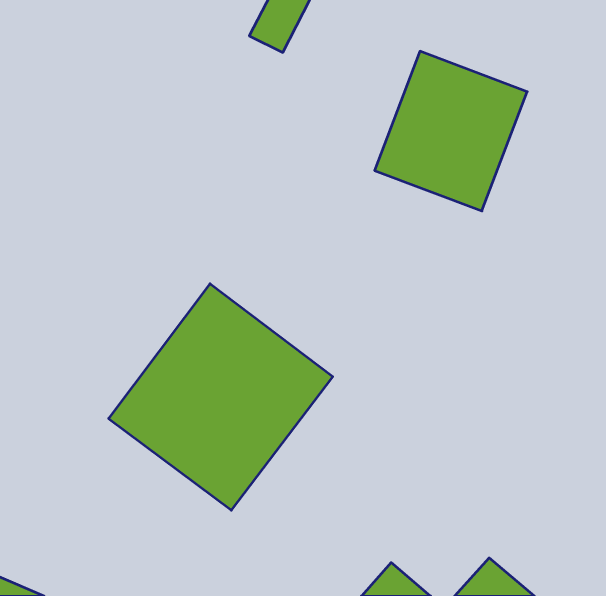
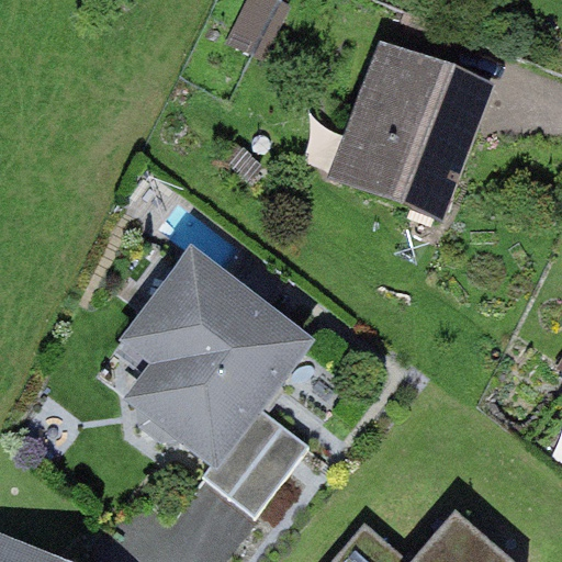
building: none -> [213,405,307,505]

